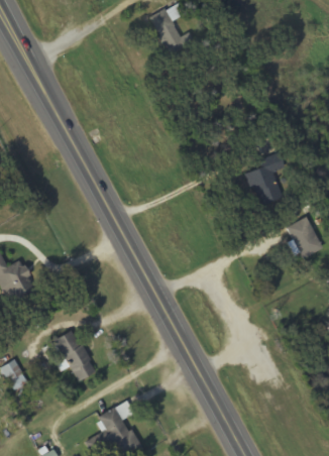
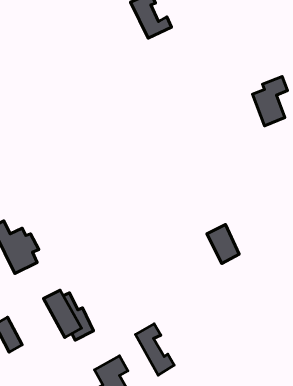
building: [243,152,282,206] -> [252,77,288,126]
building: [284,217,319,259] -> [207,224,239,263]
building: none -> [136,324,174,375]

